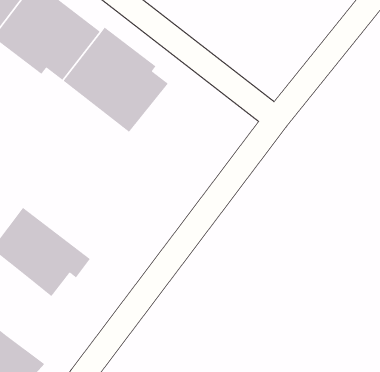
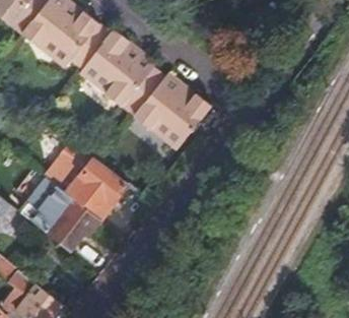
building: none -> [133,71,210,148]
building: none -> [44,139,130,219]

